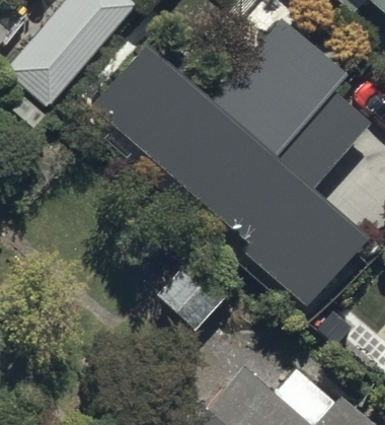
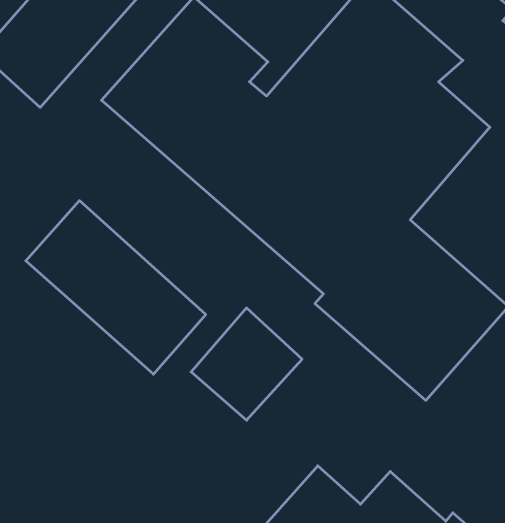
building: none -> [26,201,206,374]

